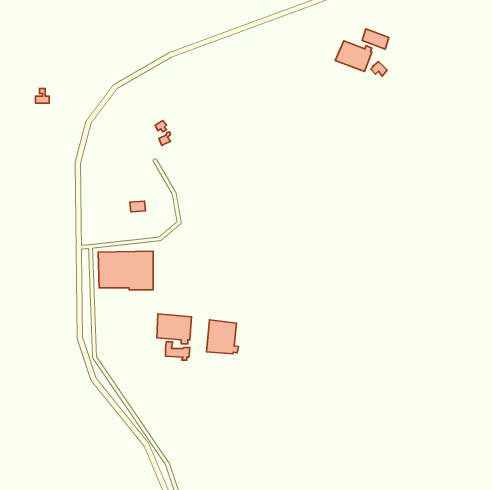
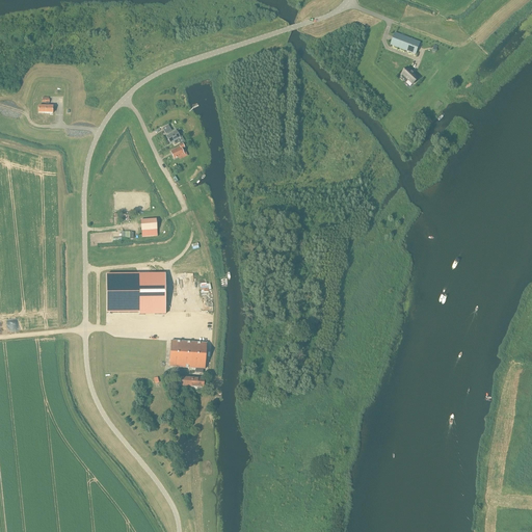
building: [335,41,372,72] -> none
building: [207,320,239,354] -> none

